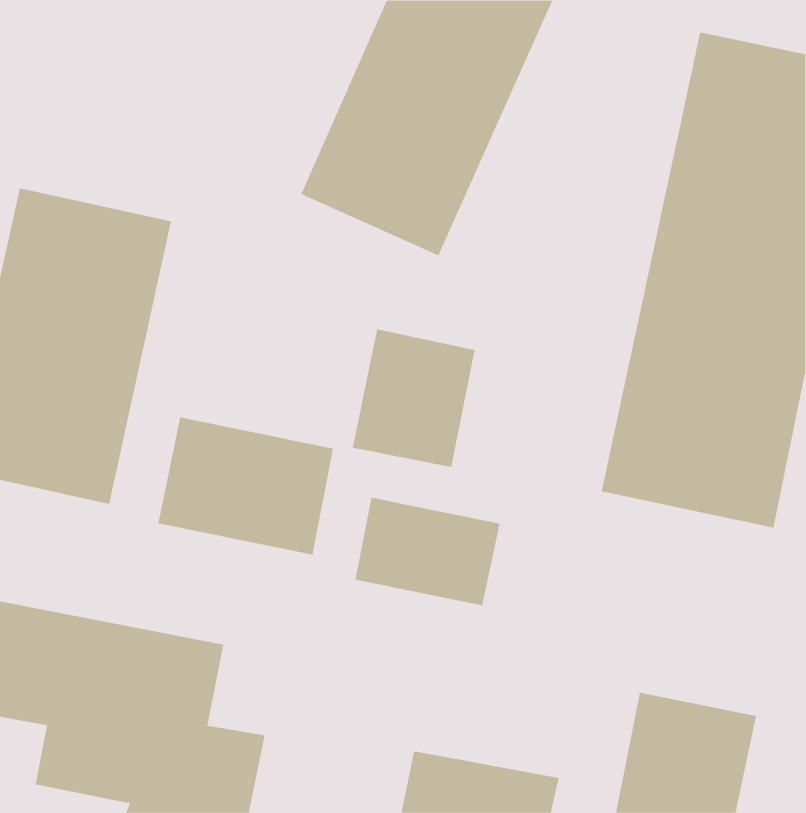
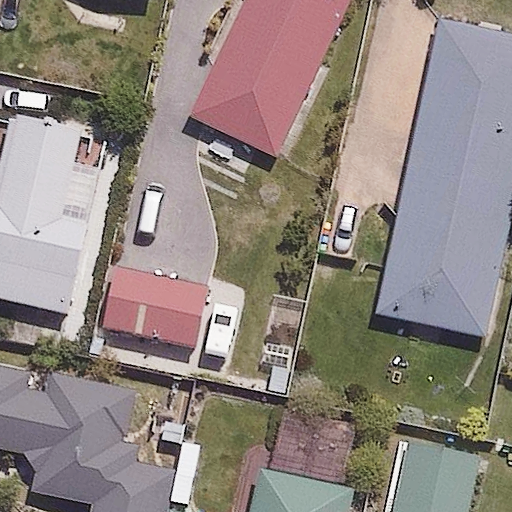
building: [352,329,475,468] -> none
building: [355,497,500,606] -> none

